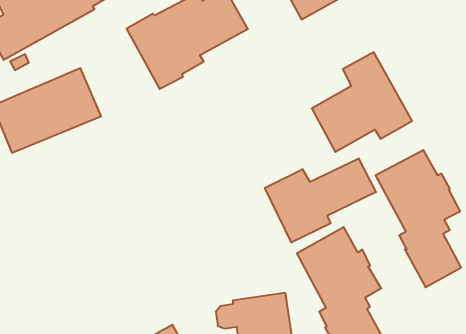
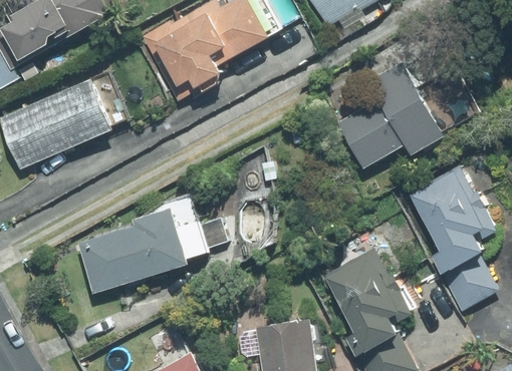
building: [265,158,376,243] -> none
building: none -> [76,208,207,294]

